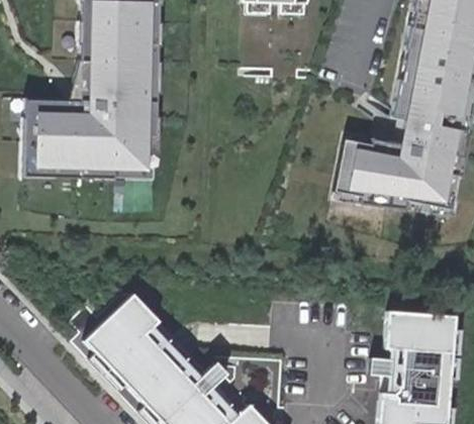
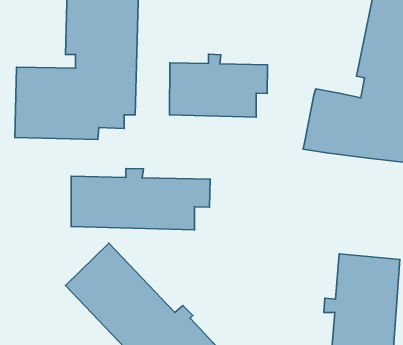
building: none -> [170,54,268,117]
building: none -> [71,168,210,230]

